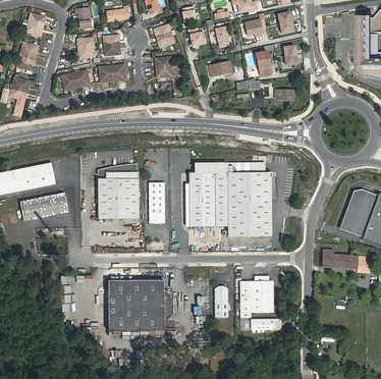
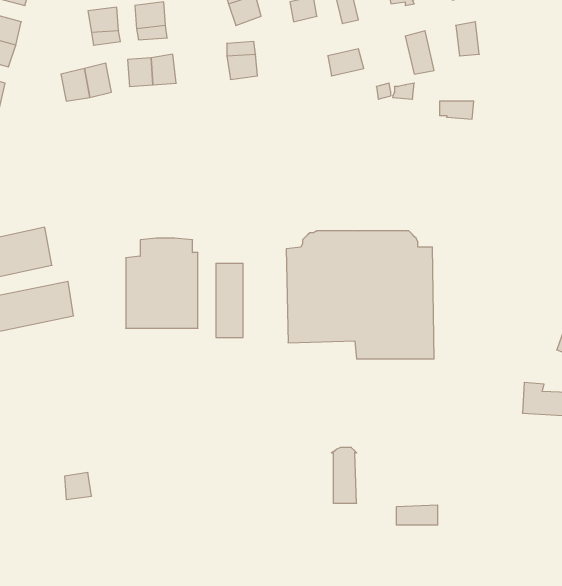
building: [240,275,274,317] -> none
building: [108,279,173,330] -> none

